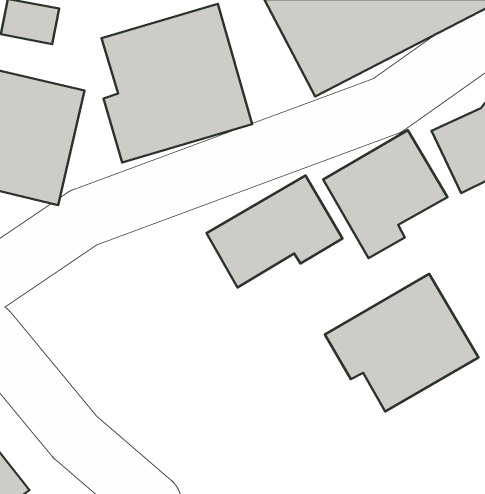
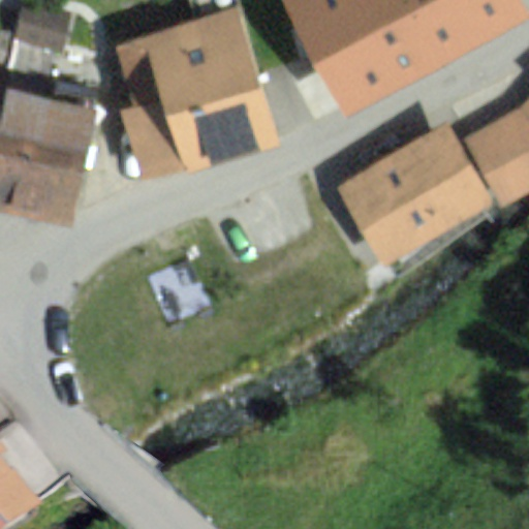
building: [206,176,343,287] -> none
building: [325,274,479,412] -> none

